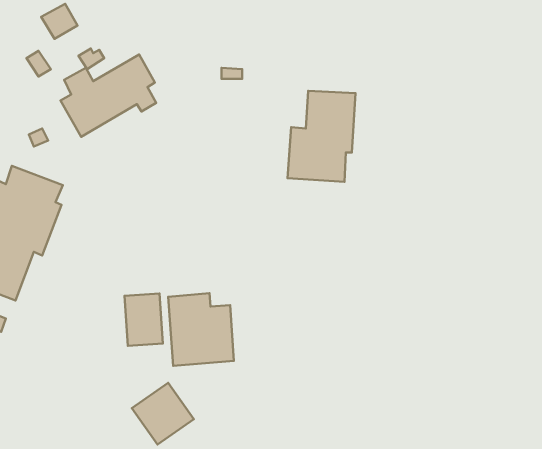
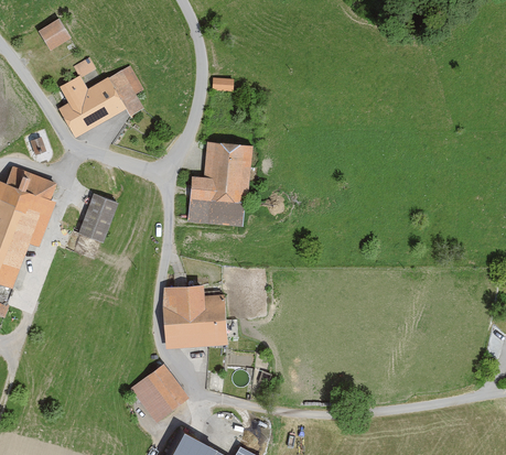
building: [288,91,355,182] -> [184,143,246,226]
building: none -> [86,195,126,243]
building: [124,294,163,346] -> none

